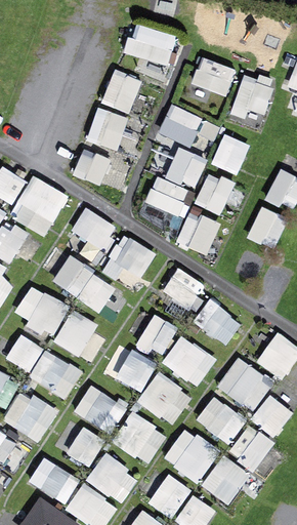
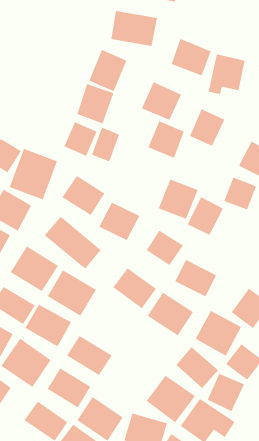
building: [195,172,236,215] -> [187,197,224,235]
building: [145,175,189,216] -> none
building: [114,350,155,391] -> none
building: [139,372,192,423] -> none
building: [114,412,166,463] -> none

